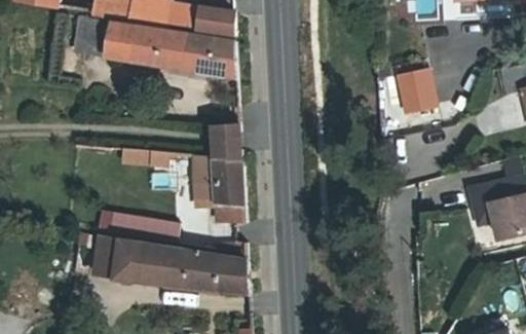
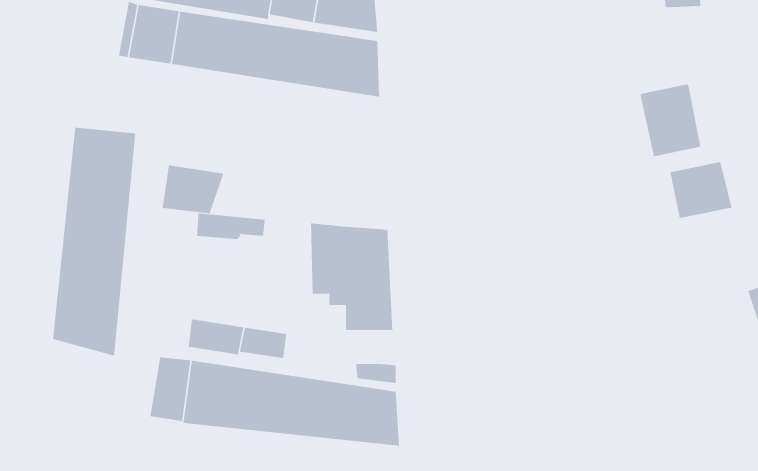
building: none -> [53,127,136,356]
building: none -> [670,161,732,219]
building: none -> [162,164,224,214]
building: [212,123,241,158] -> none

